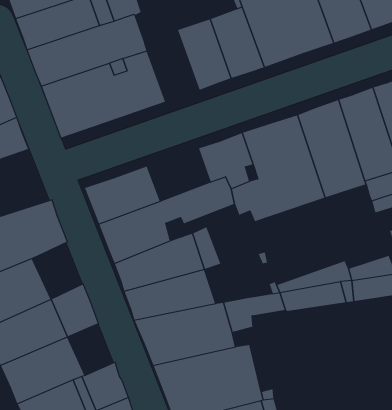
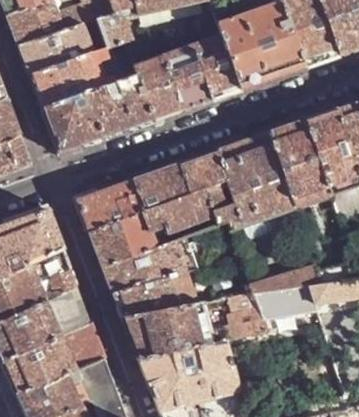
building: none -> [133,55,183,121]
building: none -> [136,163,193,211]
building: none -> [32,248,78,300]
building: none -> [213,310,270,343]
building: none -> [64,322,107,369]

